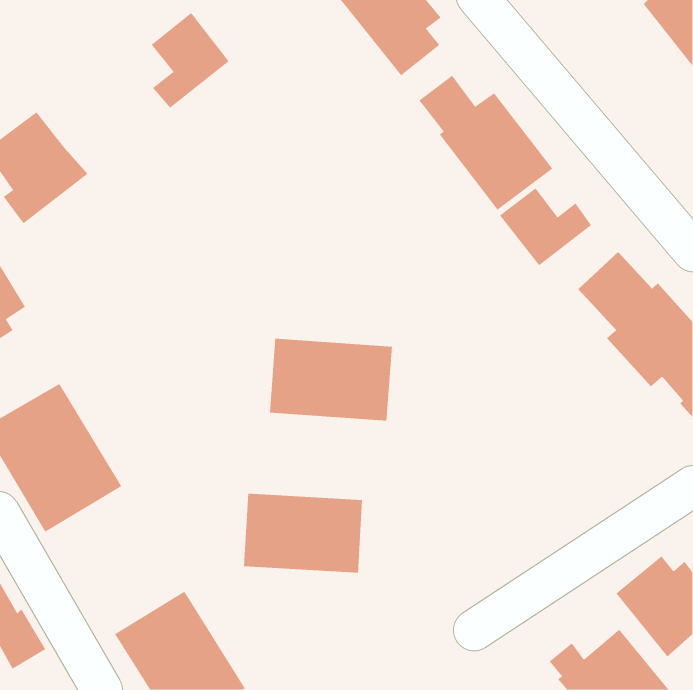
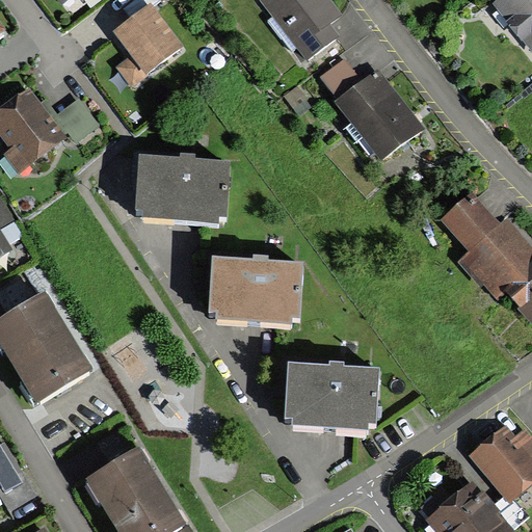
building: none -> [52,95,100,141]
building: [499,187,592,266] -> none
building: none -> [133,154,225,218]
building: [243,493,363,573] -> [283,364,374,425]

